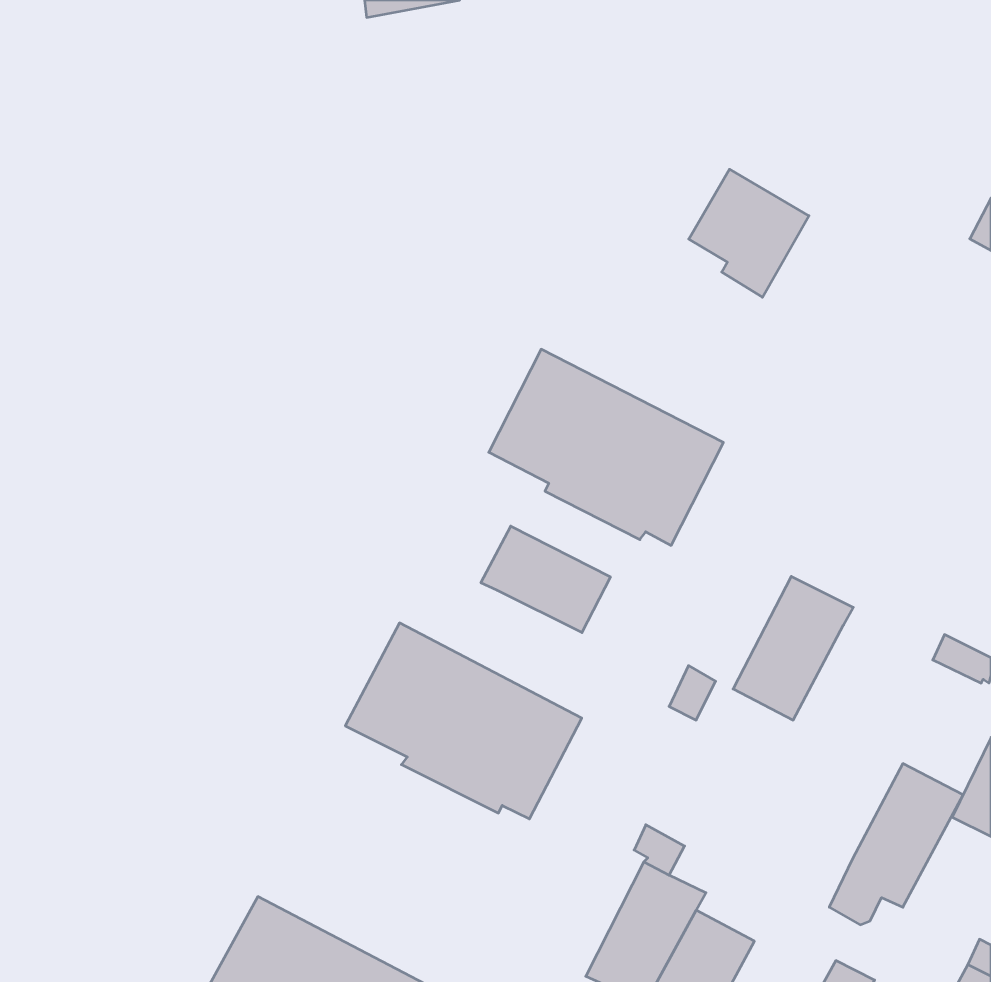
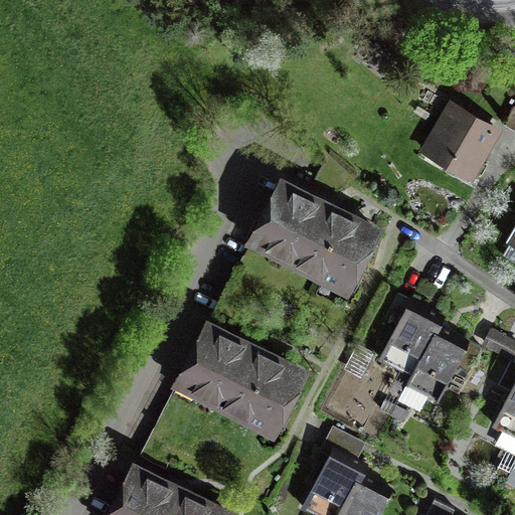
building: [689,169,809,297] -> [432,111,494,177]
building: [481,526,610,633] -> none
building: [829,764,963,925] -> [399,329,469,412]

